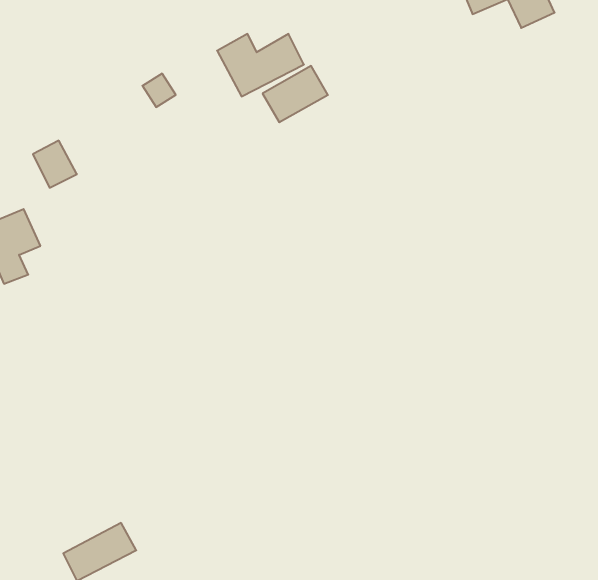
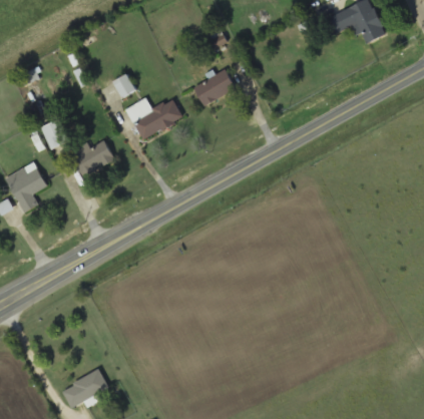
building: [217,34,304,96] -> [125,98,182,139]
building: none -> [70,140,114,176]

